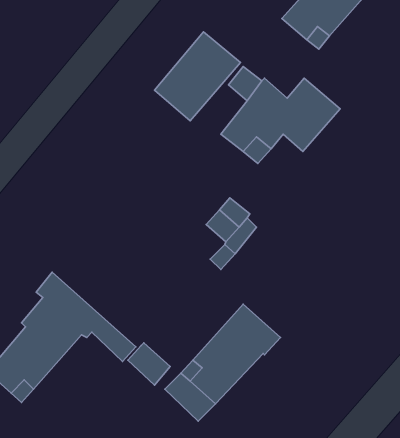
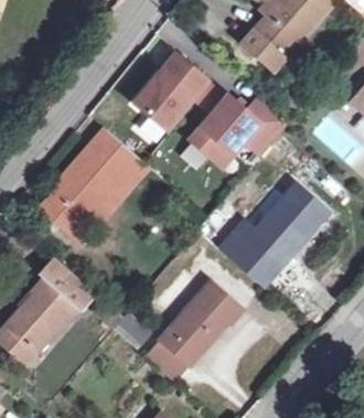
building: none -> [40,127,146,239]
building: none -> [220,184,328,287]

